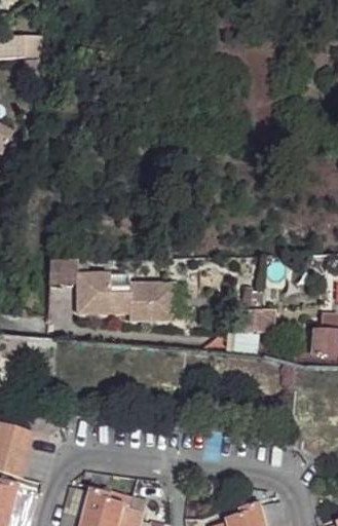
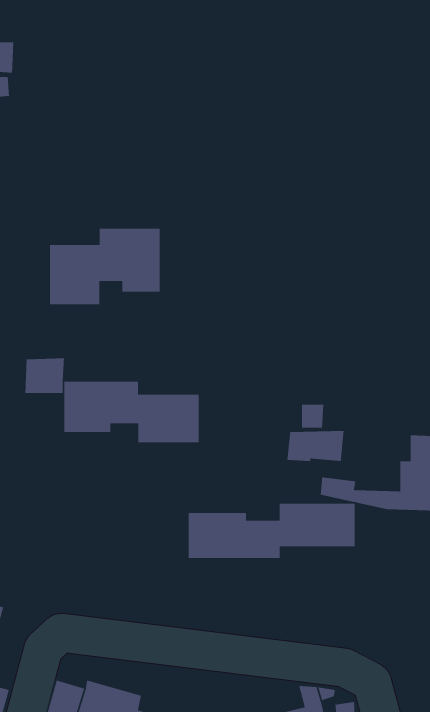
building: none -> [49,228,161,305]
building: none -> [188,503,355,559]

